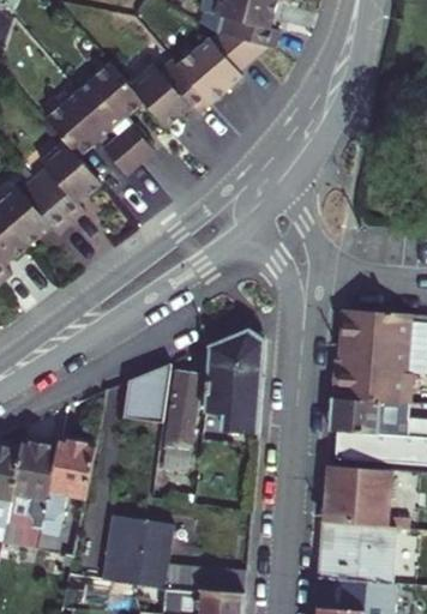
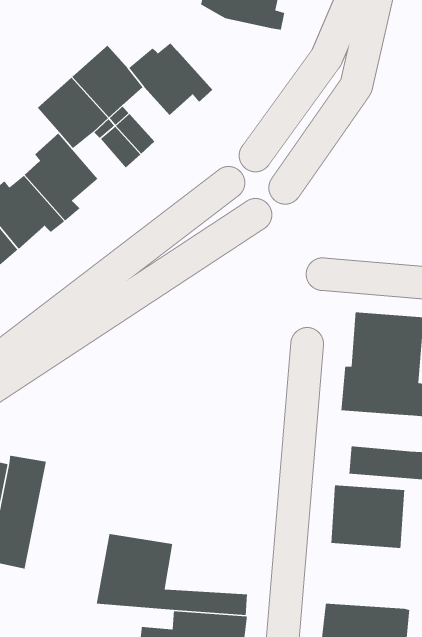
building: [178,32,266,102] -> none
building: [203,330,261,433] -> none
building: [124,361,173,421] -> none
building: [160,368,200,470] -> none
building: [327,401,397,438] -> none
building: [36,438,94,550] -> none
building: [315,524,395,584] -> none

